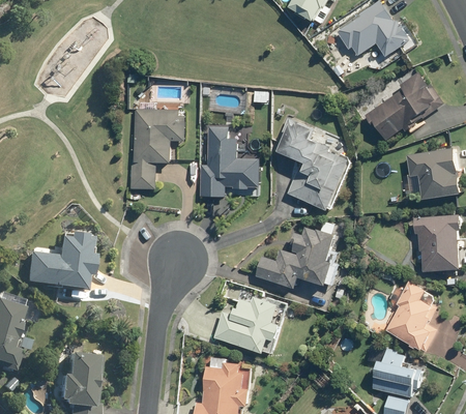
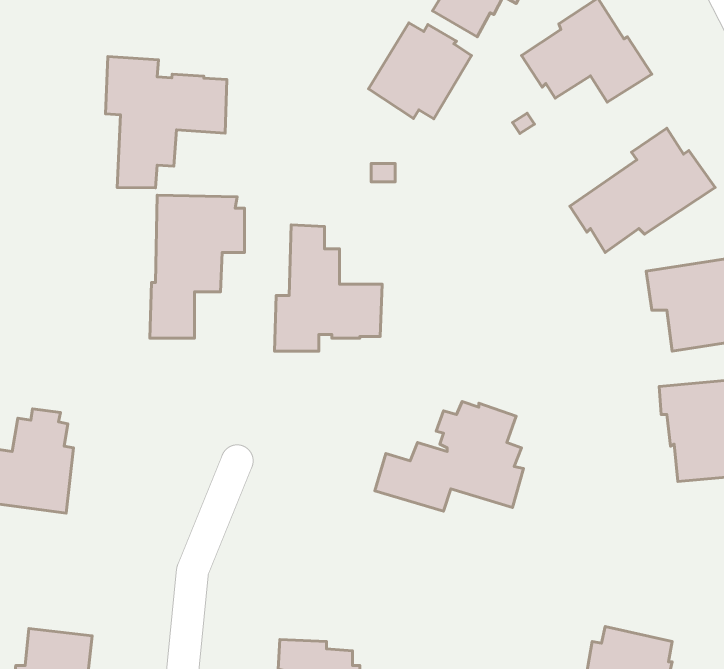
building: none -> [368,23,472,119]
building: none -> [106,56,227,188]
building: [274,123,347,212] -> none
building: [384,278,437,352] -> none
building: [213,294,285,351] -> none

